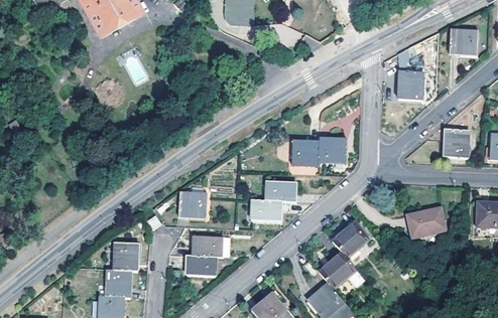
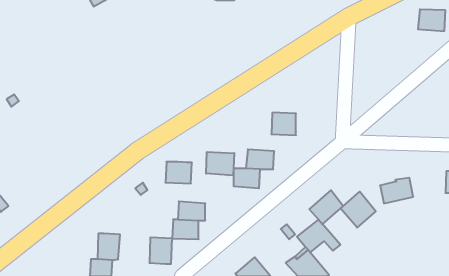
building: [398,71,423,100] -> none
building: [444,129,469,158] -> none
building: [319,137,346,162] -> none
building: none -> [206,152,234,176]
building: none -> [340,192,376,228]
building: [114,243,138,271] -> [149,237,172,264]

